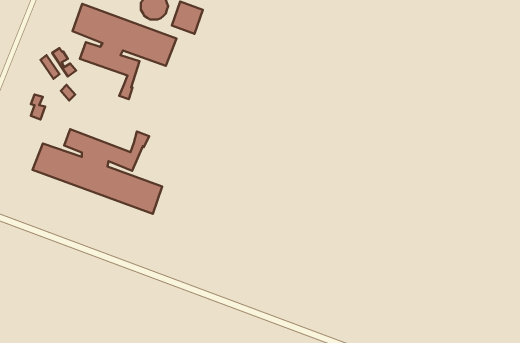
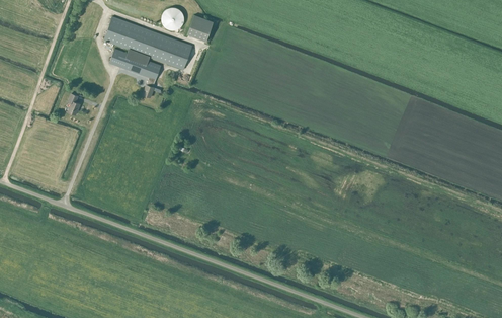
building: [33,129,162,214] -> none

